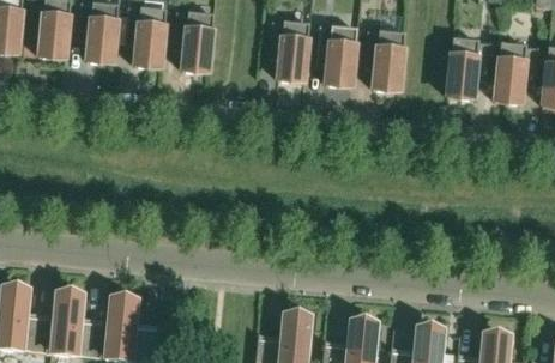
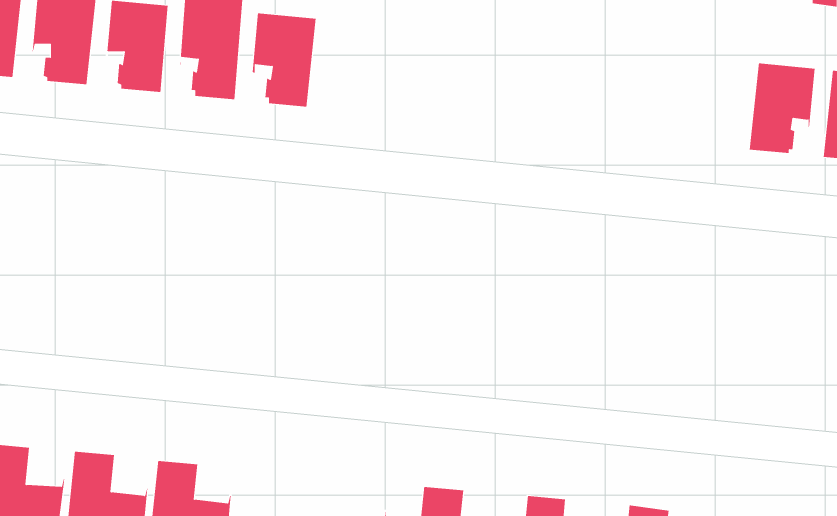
building: [269,20,309,81] -> none
building: [316,25,357,85] -> none
building: [363,30,405,90] -> none
building: [447,38,491,97] -> none

